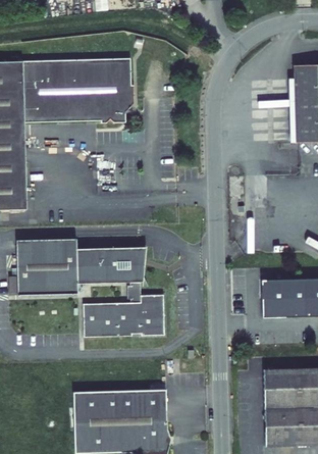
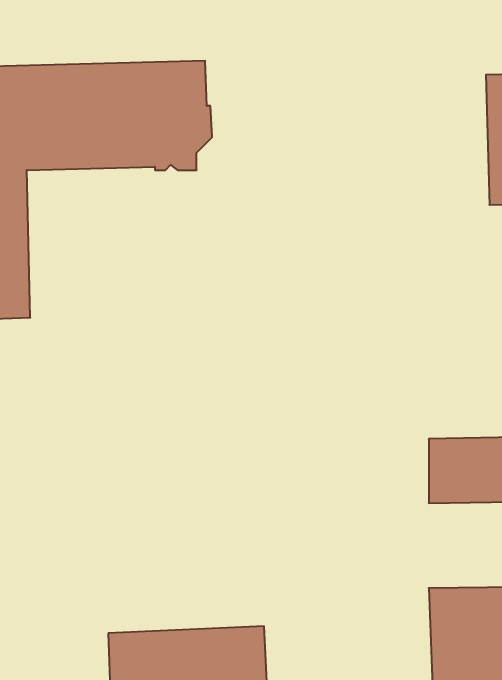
building: [15,240,164,338] -> none

